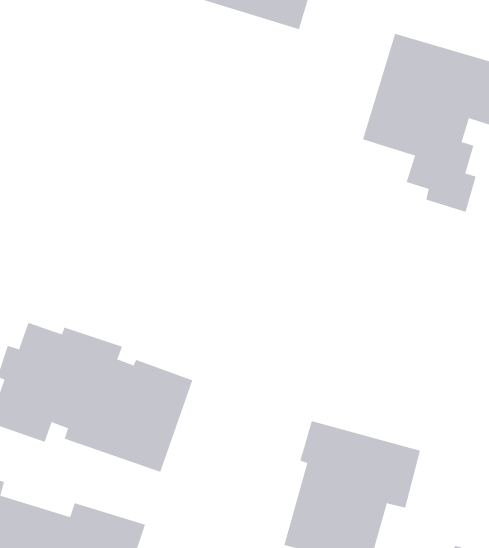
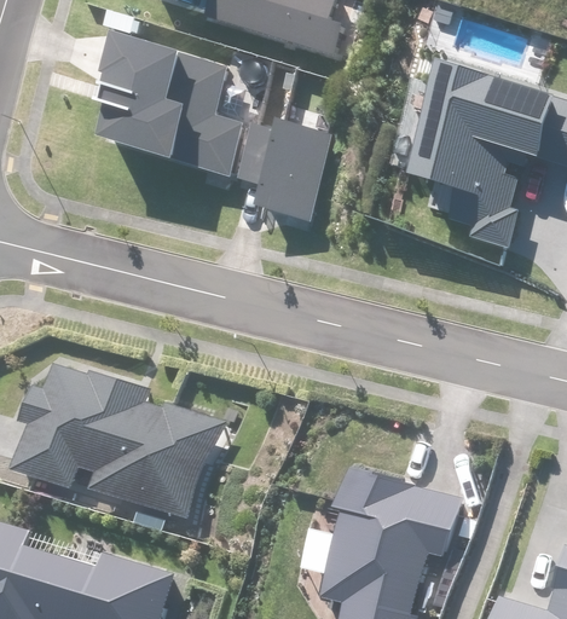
building: none -> [92,31,244,175]
building: none -> [238,117,334,222]

